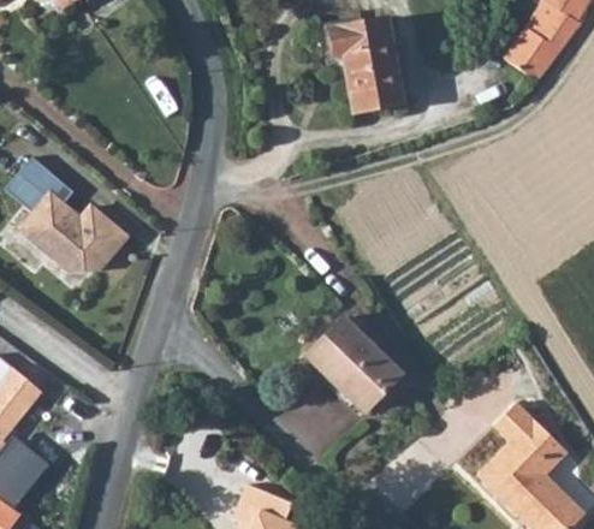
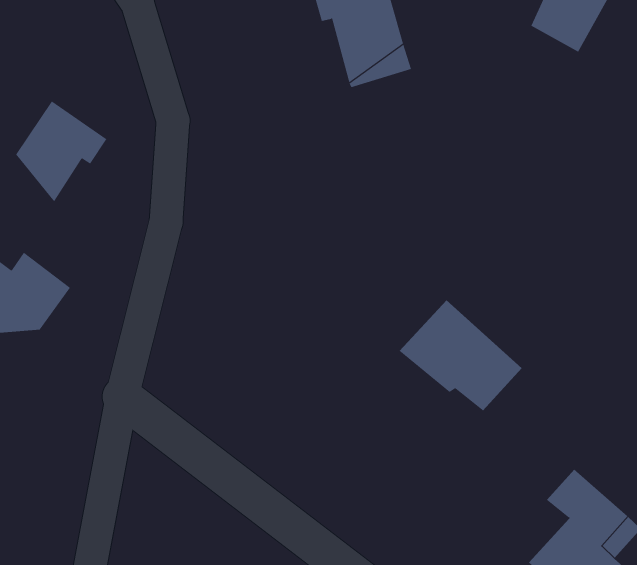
building: none -> [16,100,107,202]
building: [301,319,397,409] -> [399,299,522,411]

